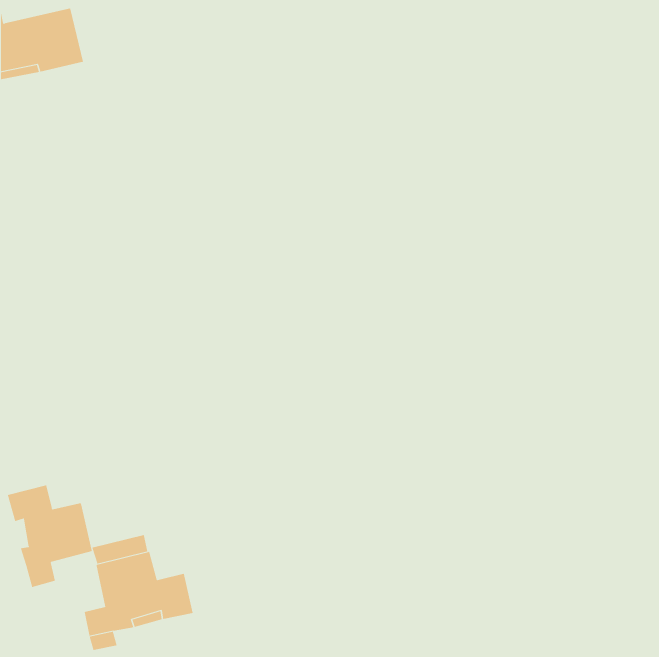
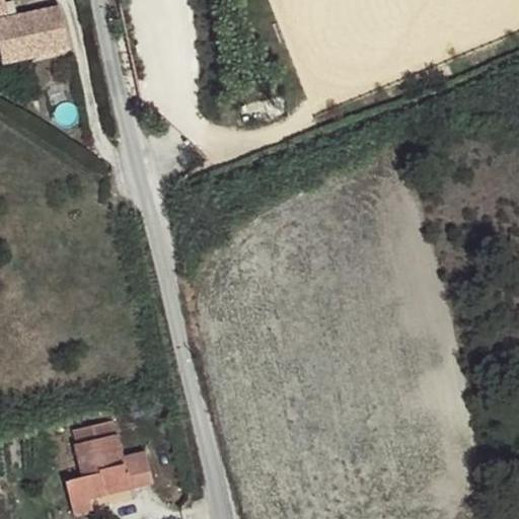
building: [7,484,93,588] -> none

